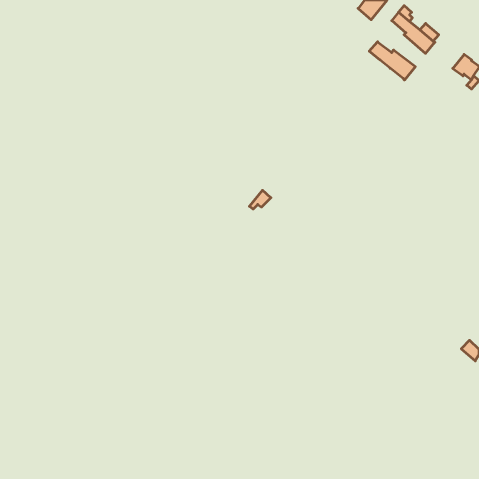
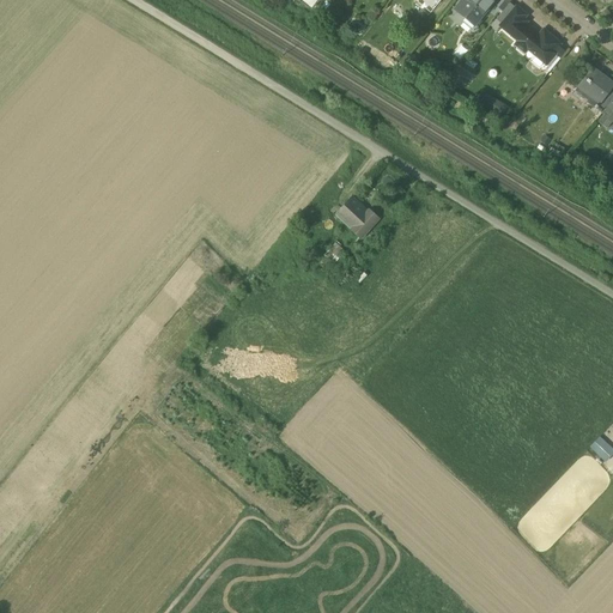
building: [369,42,415,80] -> none
building: none -> [338,198,378,238]

